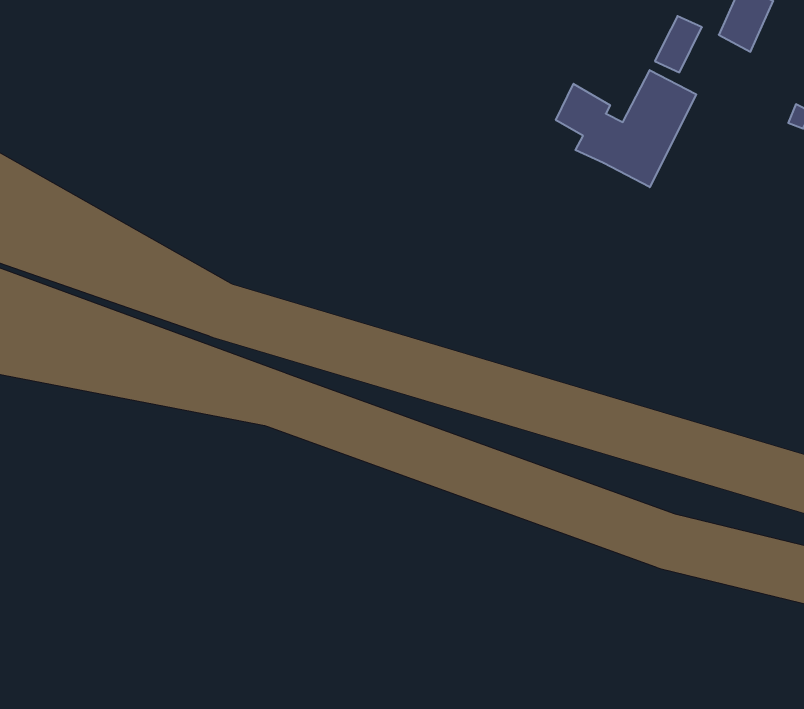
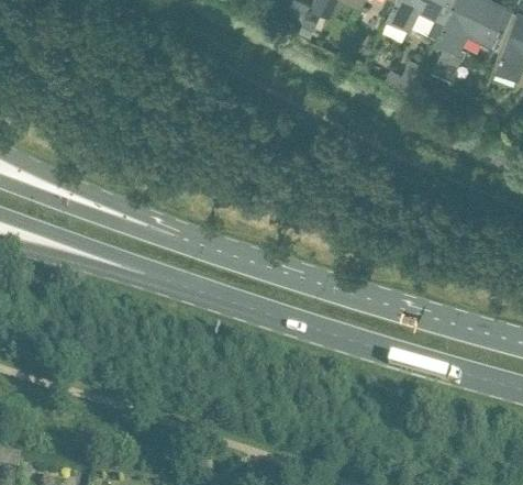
building: [556,70,696,187] -> none

